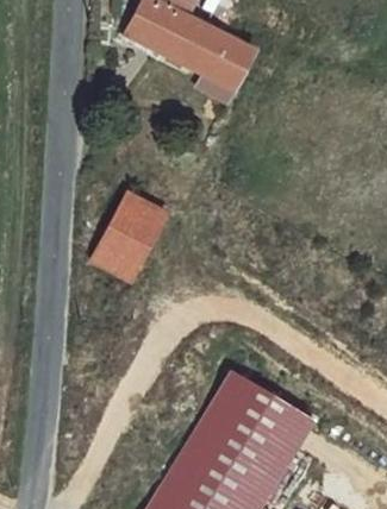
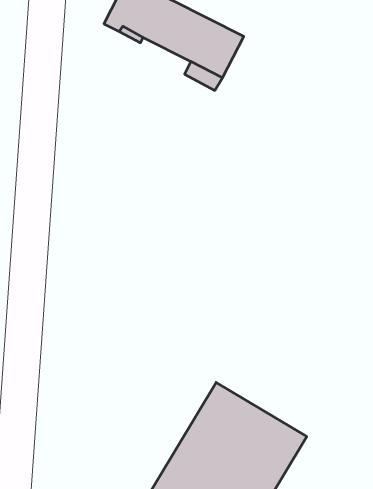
building: [94,188,167,276] -> none

